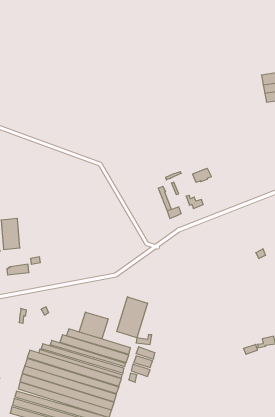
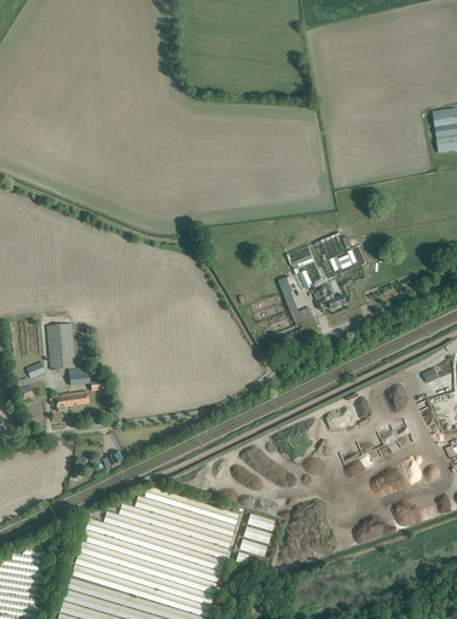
building: [117,297,148,338] -> none
building: [79,312,108,339] -> none

